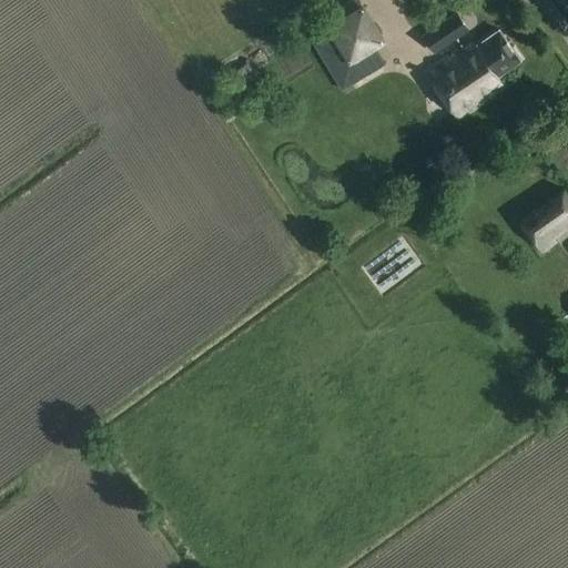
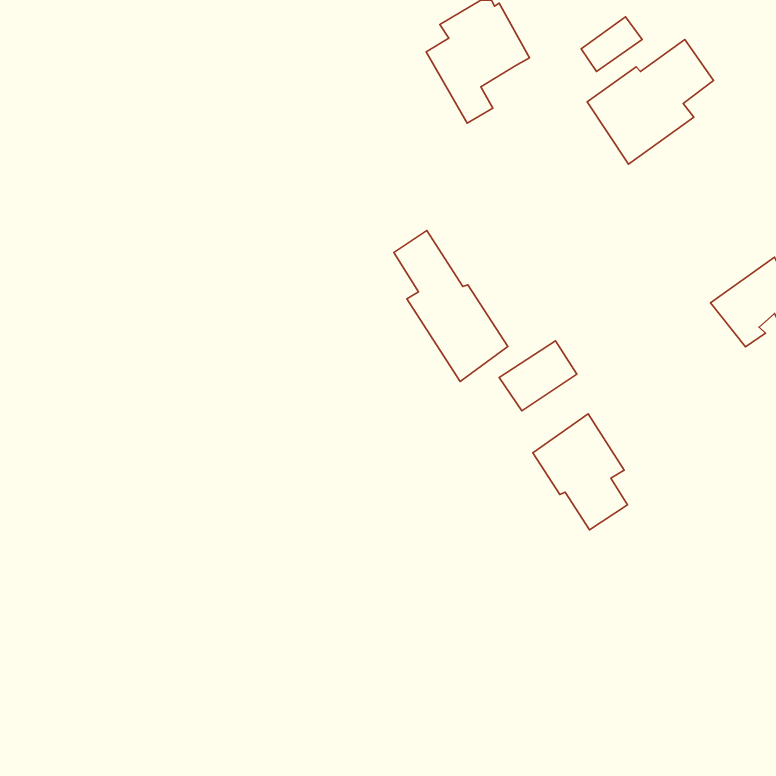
building: none -> [394,230,508,382]
building: none -> [533,414,627,530]

